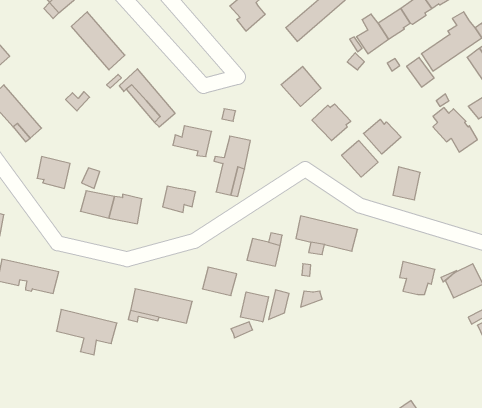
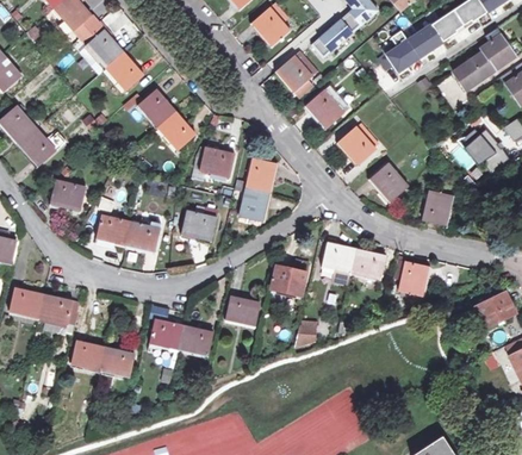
building: none -> [278,52,317,98]
building: [363,119,401,154] -> none
building: [400,261,435,294] -> [394,260,431,294]
building: [240,292,269,322] -> none

